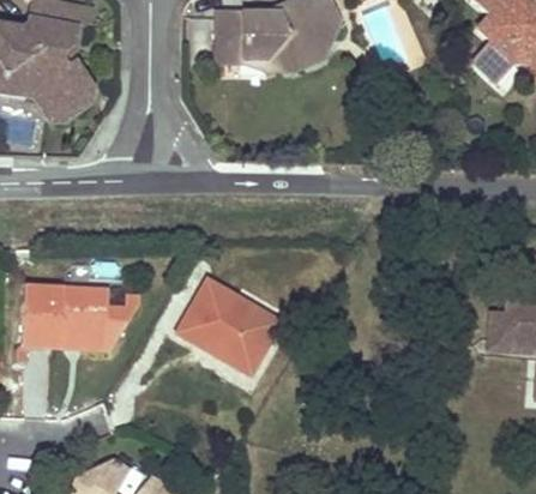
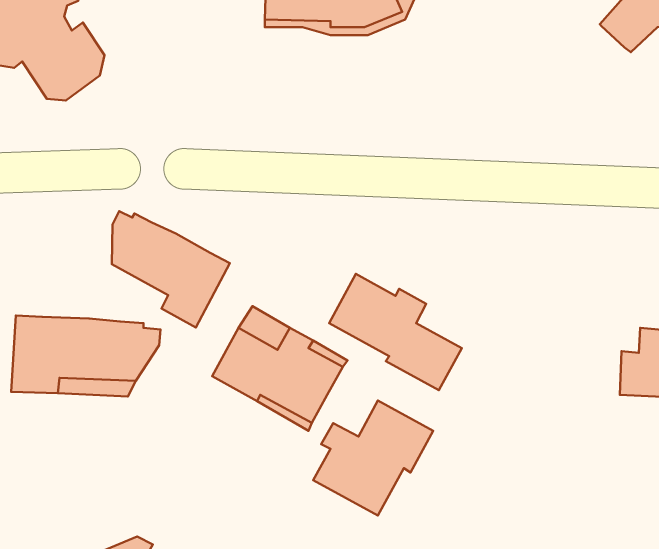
building: none -> [112,211,230,328]
building: none -> [329,274,462,390]
building: none -> [313,400,433,515]

